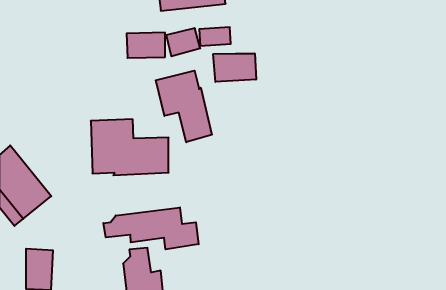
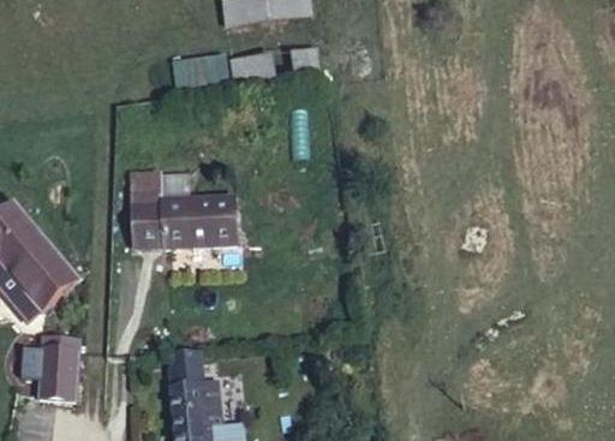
building: [213,53,256,82] -> none
building: [156,71,212,142] -> none
building: [103,207,199,249] -> none

